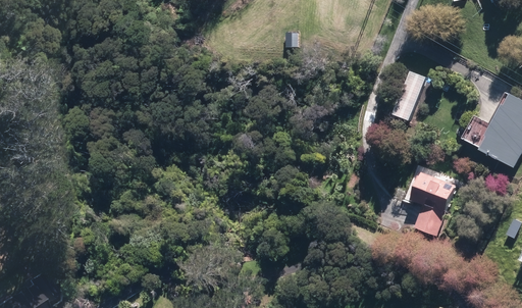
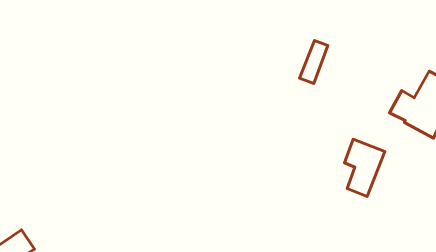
building: [392,69,424,119] -> [300,40,328,84]

